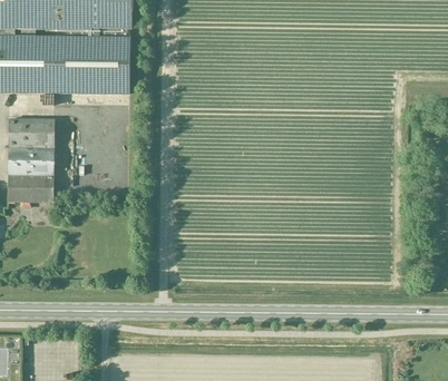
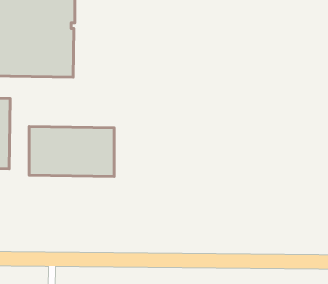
building: none -> [29,127,114,176]

